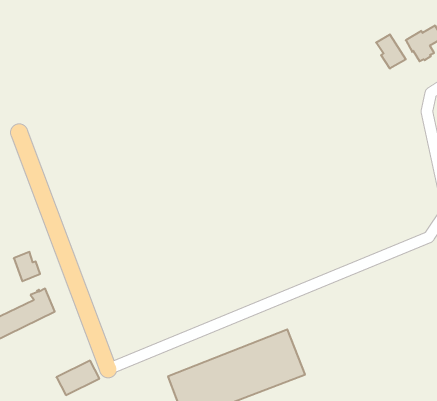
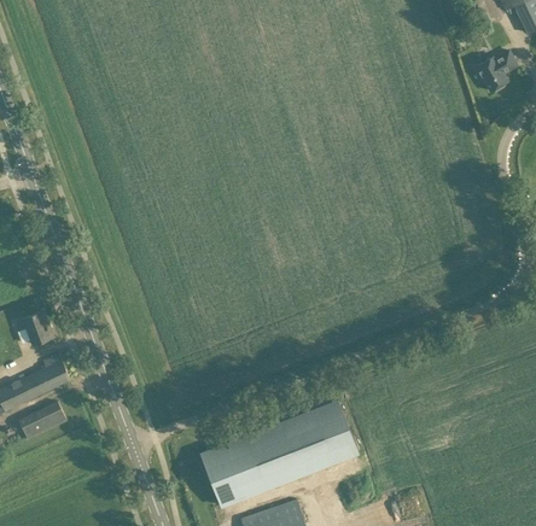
building: [376,34,406,69] -> none
building: [56,361,99,395] -> [18,401,68,440]

